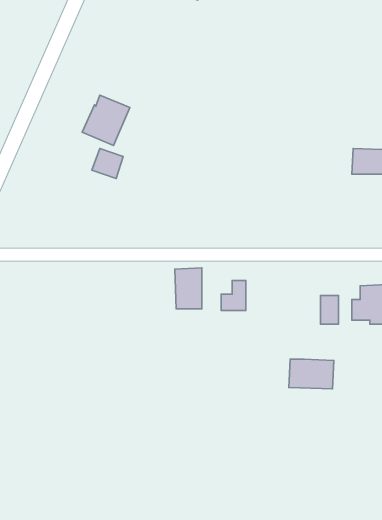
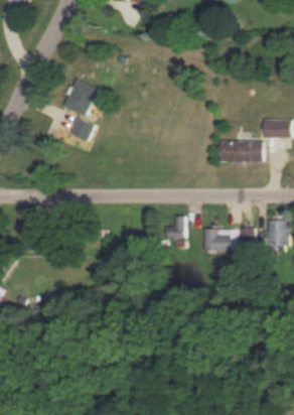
building: none -> [218,140,262,161]
building: [175,268,202,309] -> none
building: [289,359,334,389] -> [202,228,236,250]

